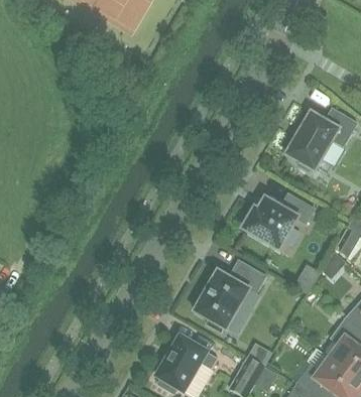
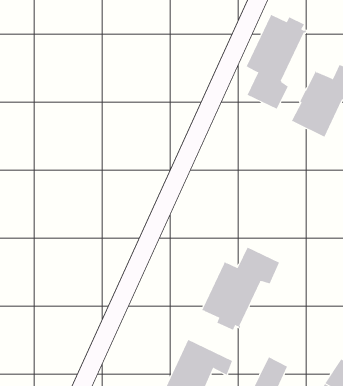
building: none -> [246,14,307,110]
building: [242,192,314,249] -> none

